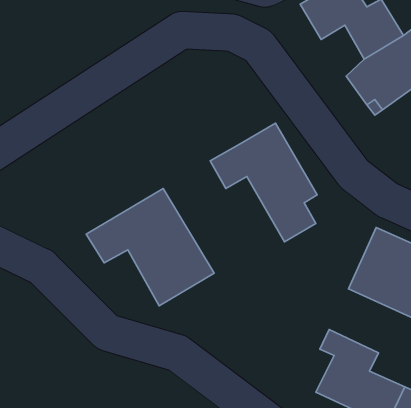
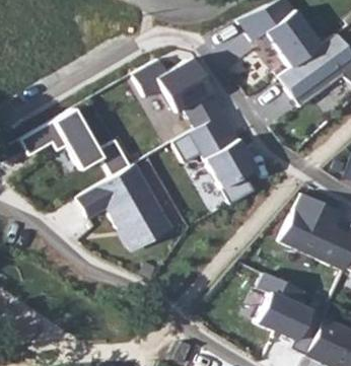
building: none -> [136,56,225,128]
building: none -> [20,107,131,176]

